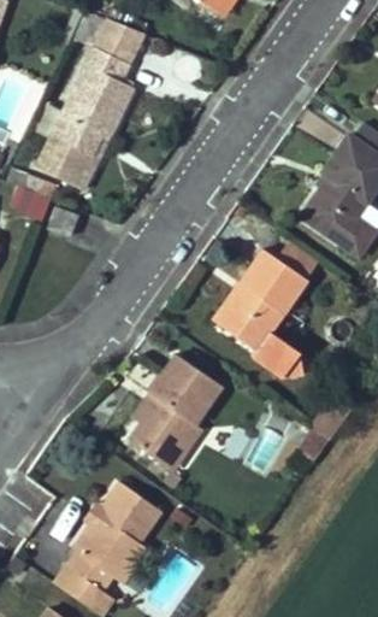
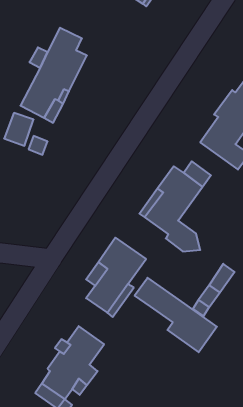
building: [84,14,142,61] -> none
building: none -> [135,278,217,352]

